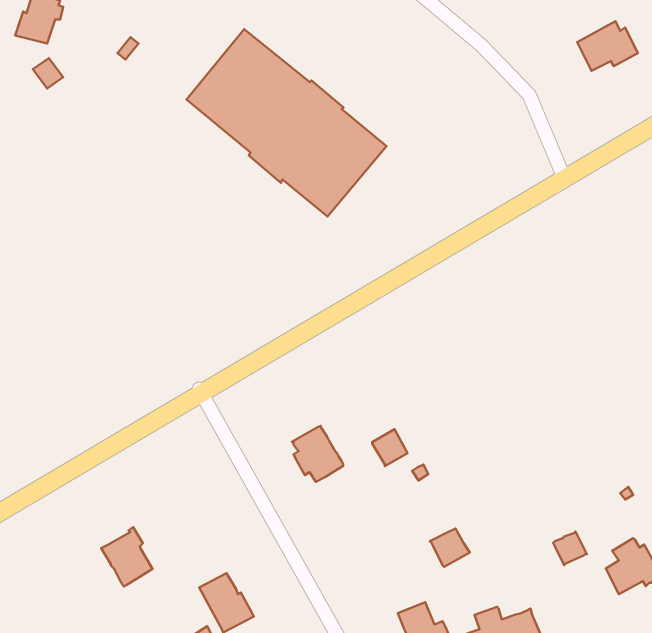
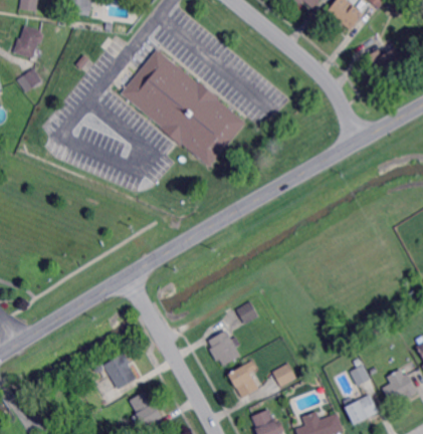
building: [292,426,343,482] -> [208,330,240,365]
building: none -> [228,360,258,398]
building: [101,527,153,586] -> [102,353,135,390]
building: none -> [345,394,379,424]

